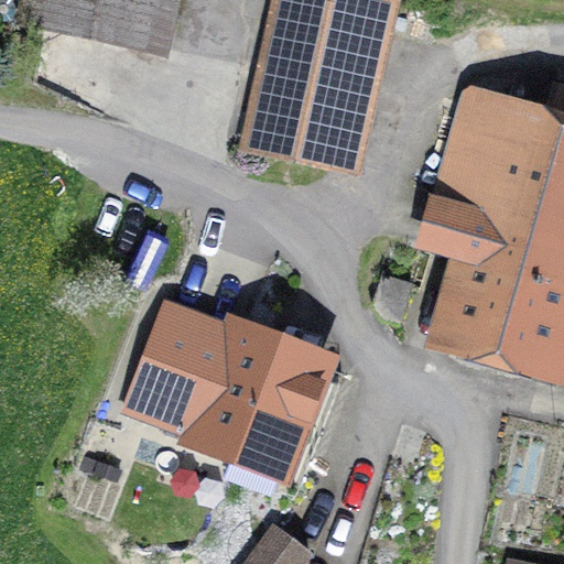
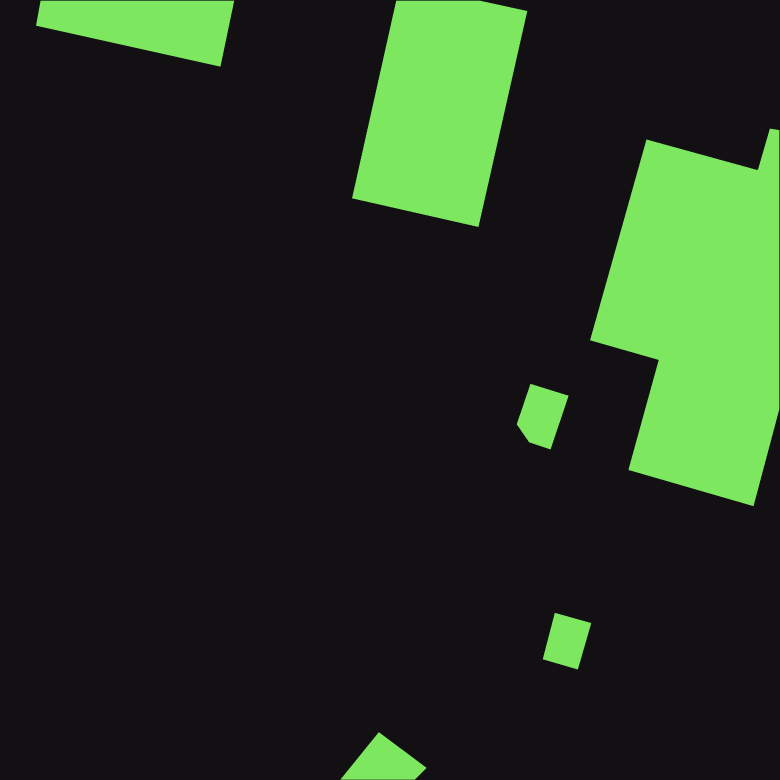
building: [127,312,323,470] -> none

